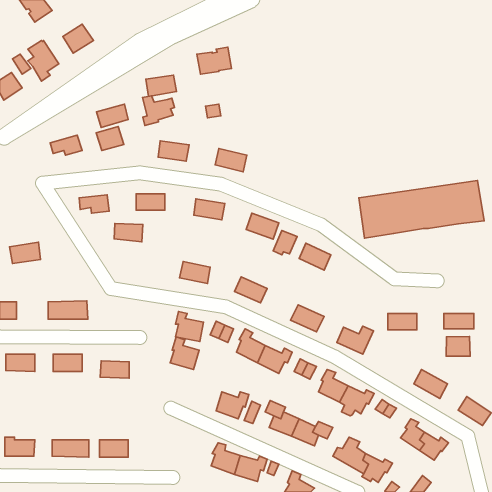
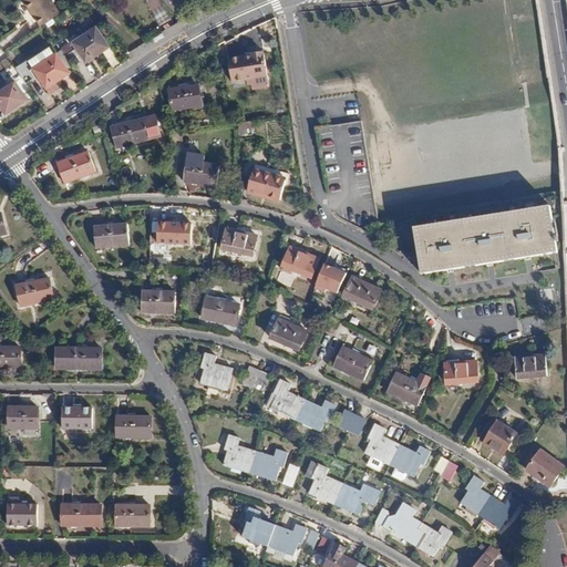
building: [143,96,175,126] -> none
building: [96,127,124,150] -> none
building: [114,223,143,242] -> [141,292,174,313]
building: [446,336,470,356] -> none
building: [170,337,199,370] -> [221,434,255,472]

